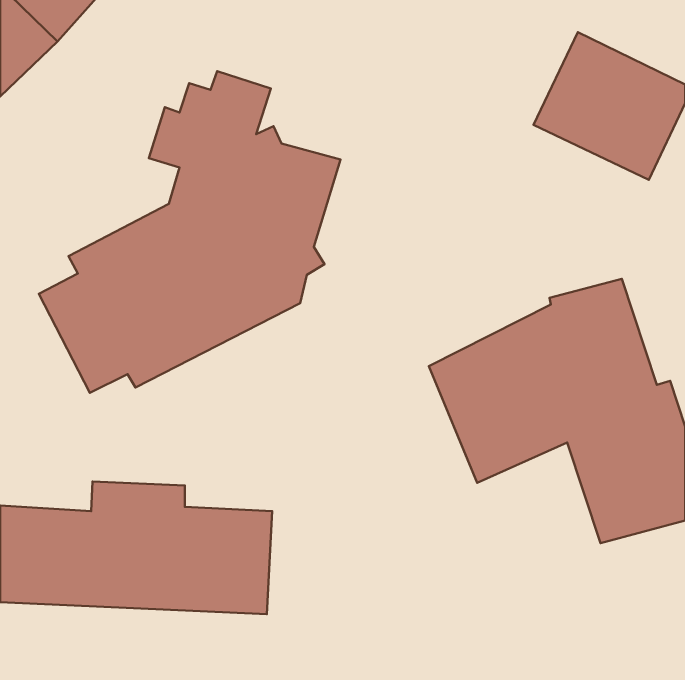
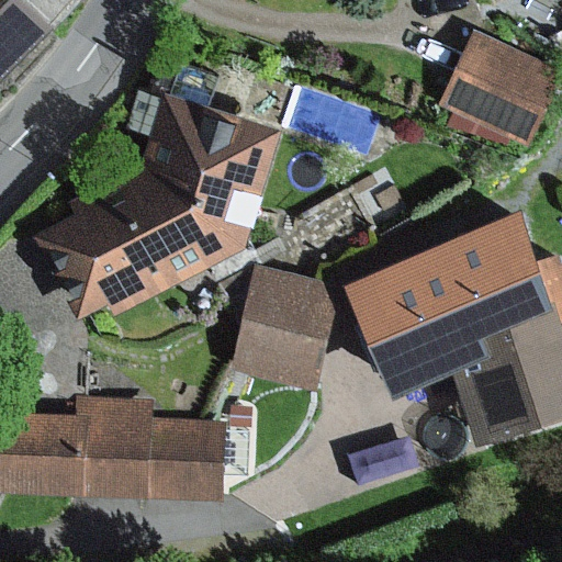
building: none -> [228,267,337,391]

